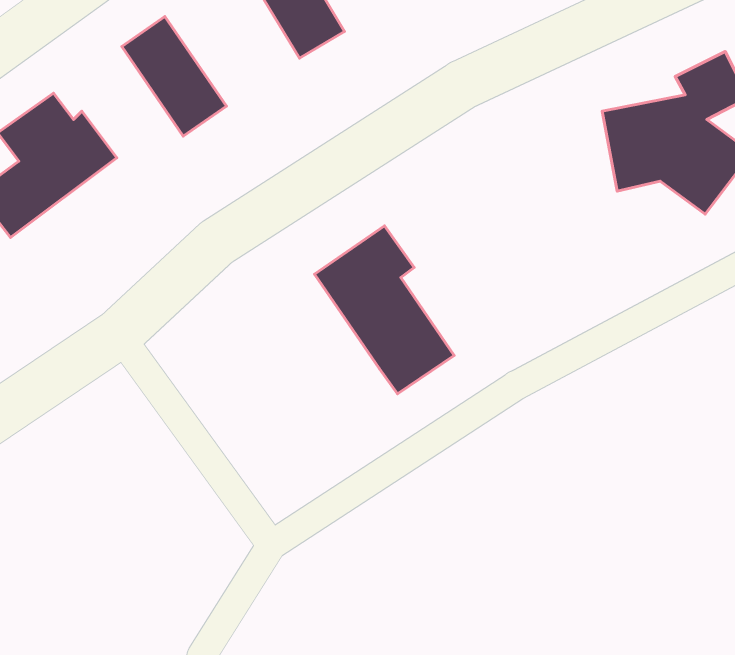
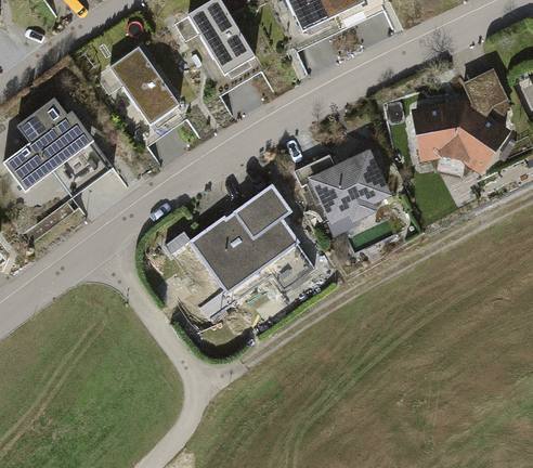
building: none -> [291,147,394,223]
building: none -> [178,213,272,311]

